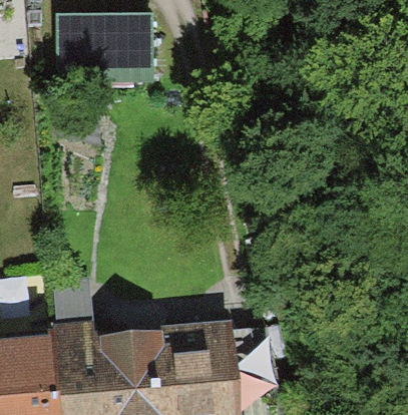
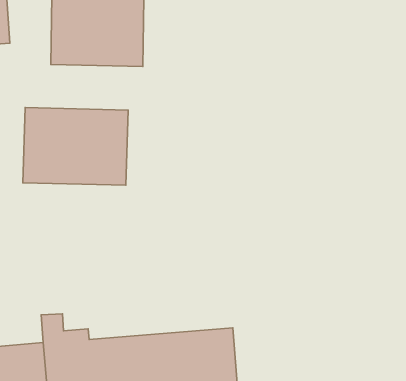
building: none -> [23,108,128,185]

